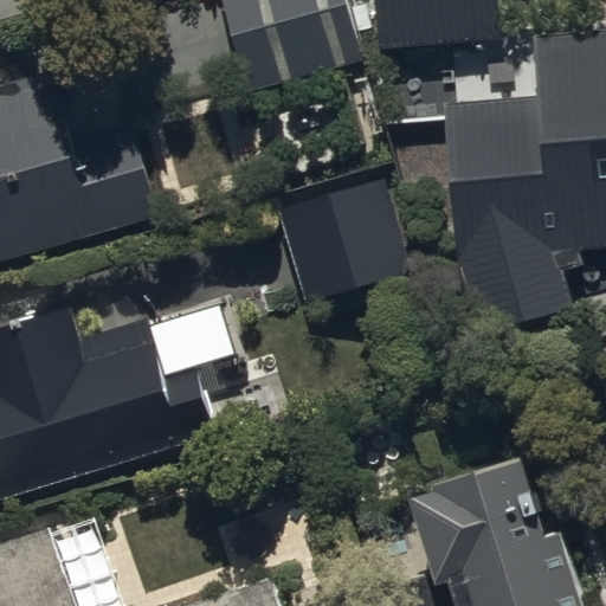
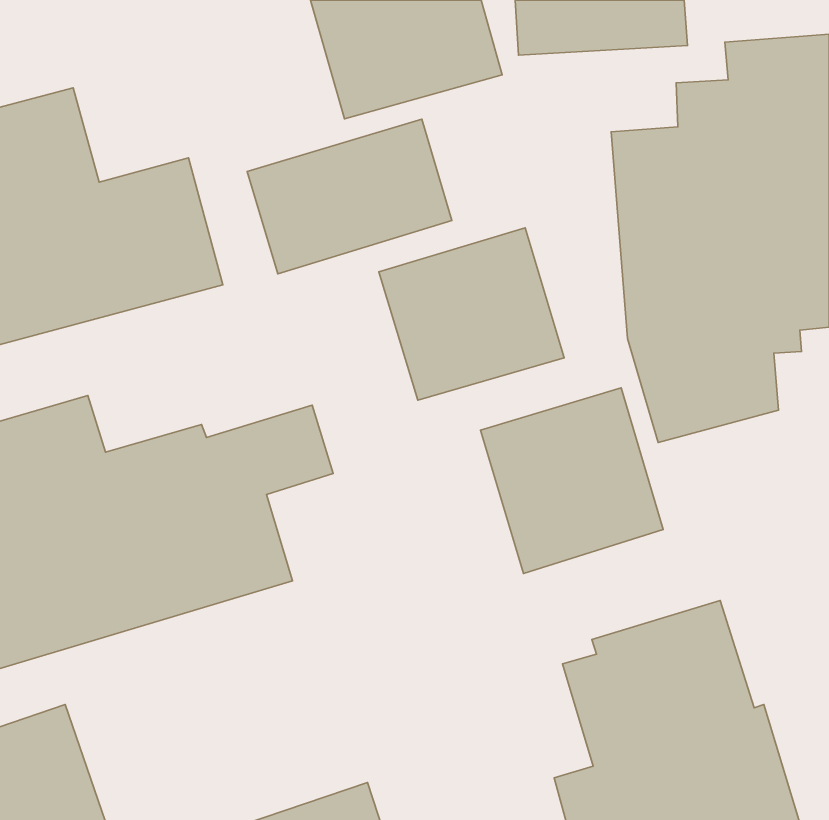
building: none -> [247,119,452,274]
building: none -> [480,388,663,573]

